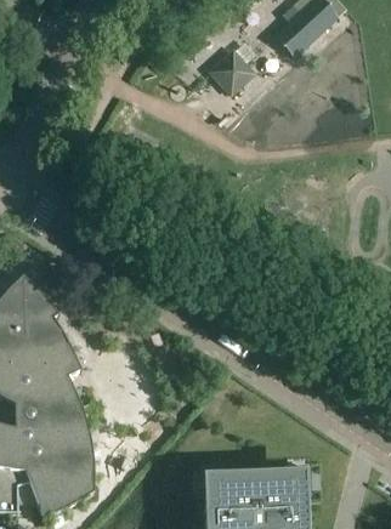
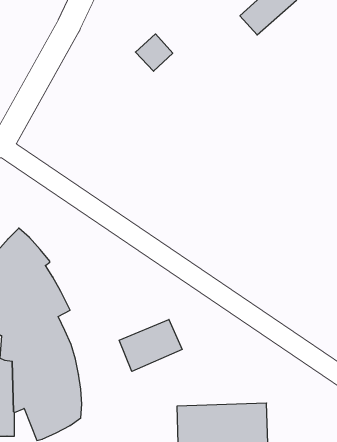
building: [210,49,253,91] -> [135,34,173,71]
building: none -> [119,319,182,371]

